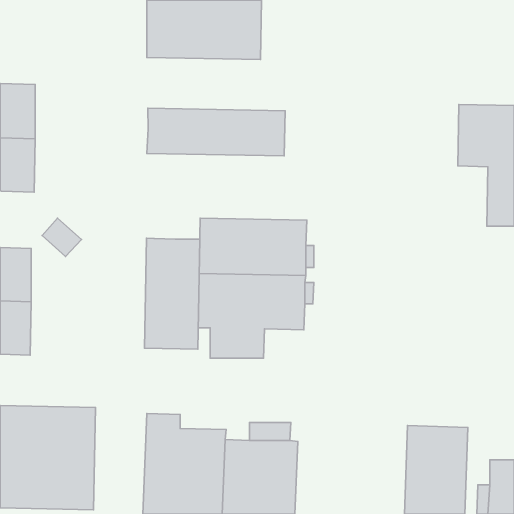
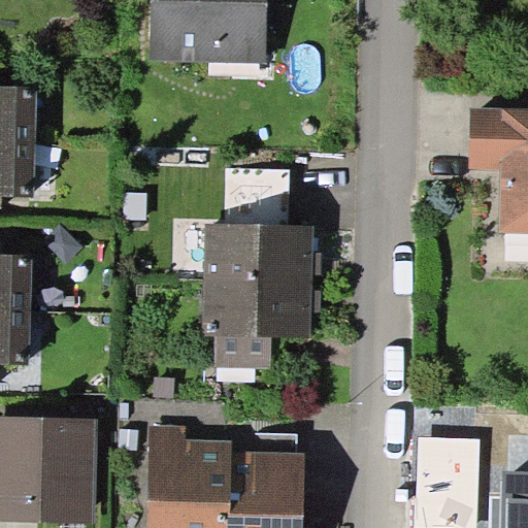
building: [147,108,285,156] -> none
building: [144,238,200,349] -> none

